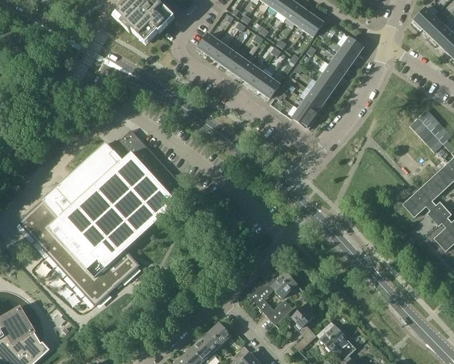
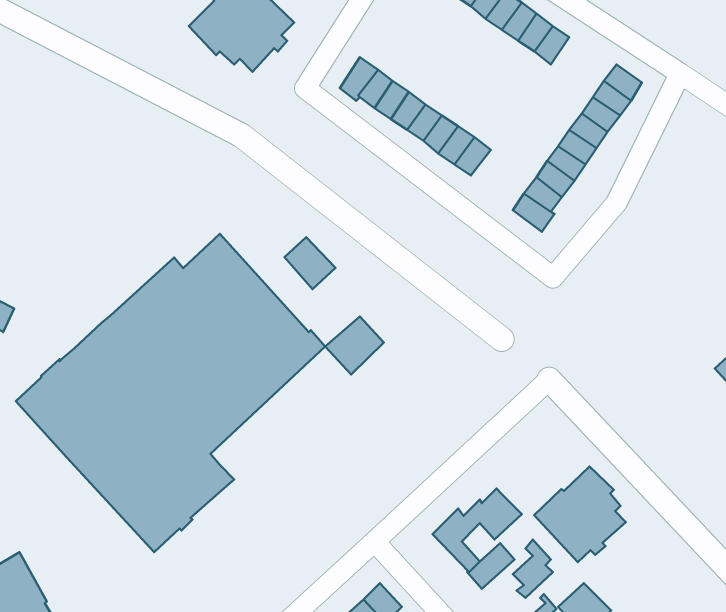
building: none -> [285,237,336,289]
building: none -> [325,317,384,375]
building: none -> [534,467,626,562]

